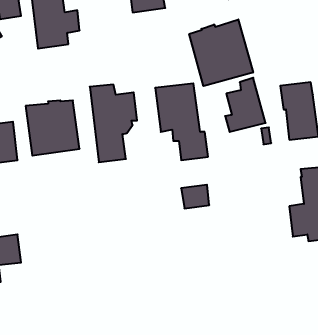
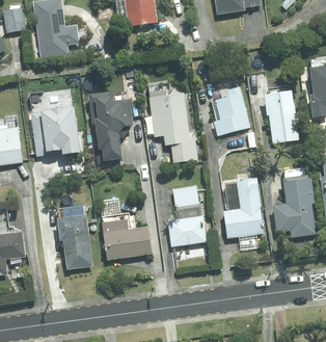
building: [189,19,253,86] -> none
building: none -> [223,178,264,238]
building: none -> [101,212,152,260]
building: none -> [56,215,92,270]
building: none -> [167,215,207,247]

